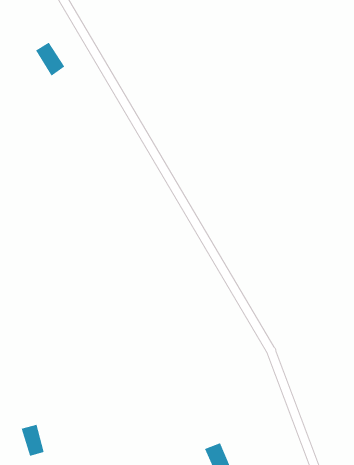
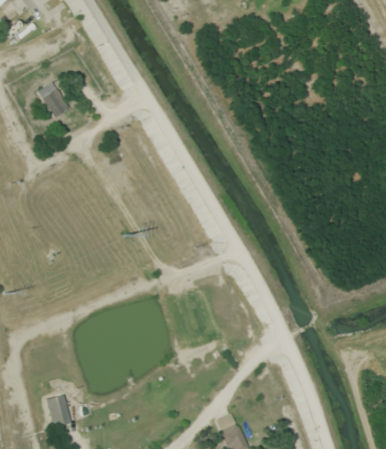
building: [35,42,65,76] -> [40,83,68,115]

